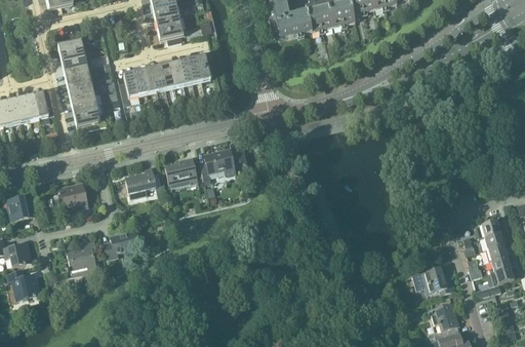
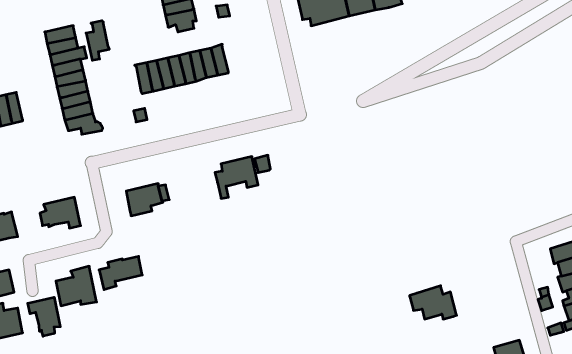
building: [119,72,138,105] -> [86,21,109,60]
building: [34,91,53,123] -> none
building: [165,157,197,185] -> none
building: none -> [28,297,60,336]
building: [414,266,453,294] -> [410,286,457,319]

